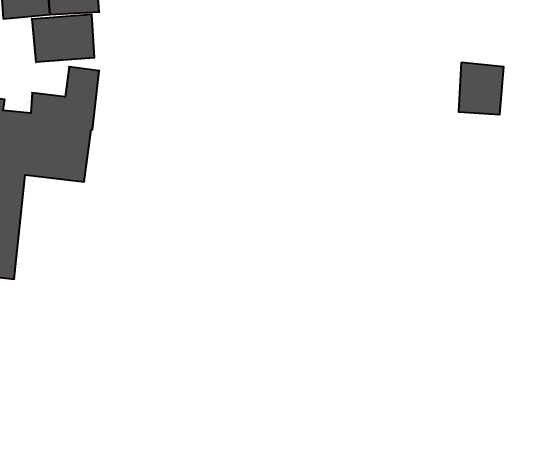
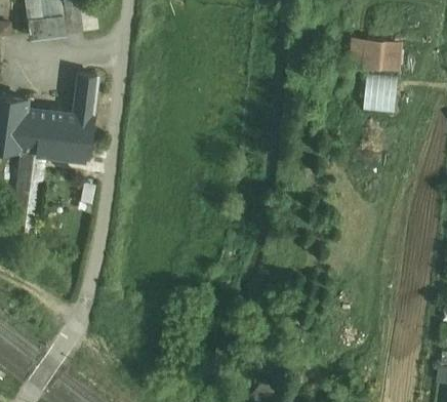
building: [32,14,94,62] -> none
building: none -> [349,39,404,73]

